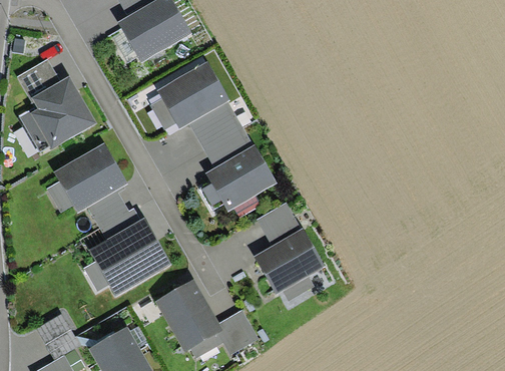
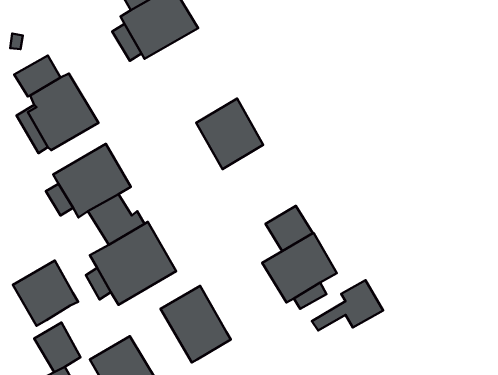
building: [149,61,229,130] -> none
building: [200,144,277,212] -> none
building: none -> [13,261,78,326]
building: [190,310,259,358] -> [312,280,383,331]

